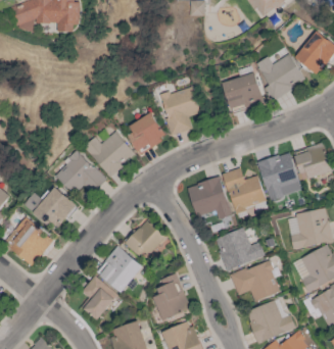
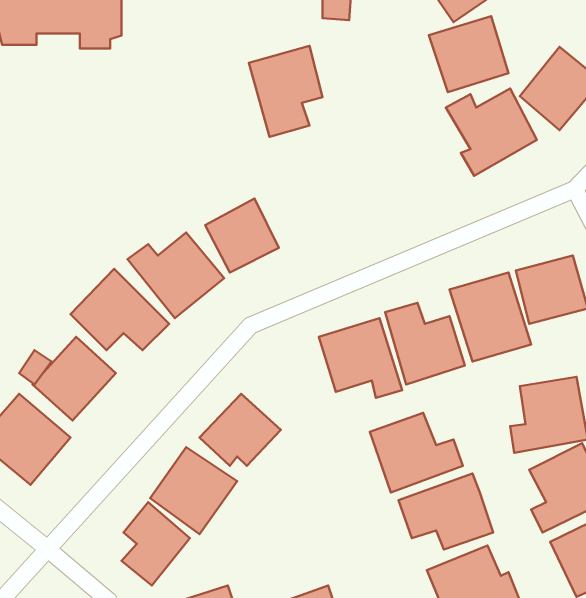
building: [222,72,265,113] -> [429,16,508,92]
building: [159,86,199,135] -> [249,46,323,137]
building: [151,272,190,320] -> none

